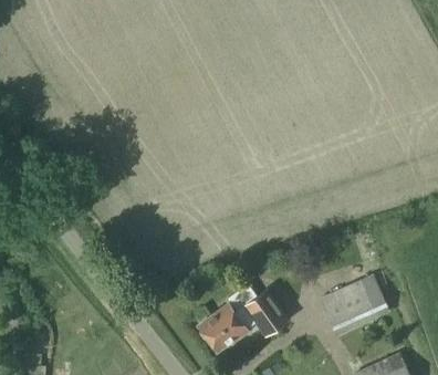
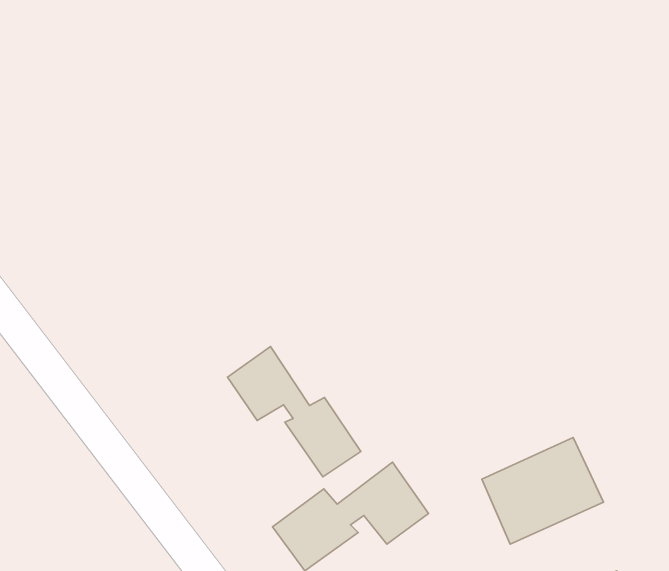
building: none -> [227,347,361,477]

